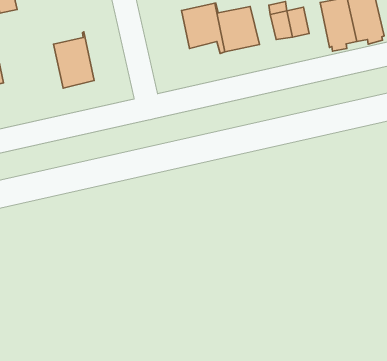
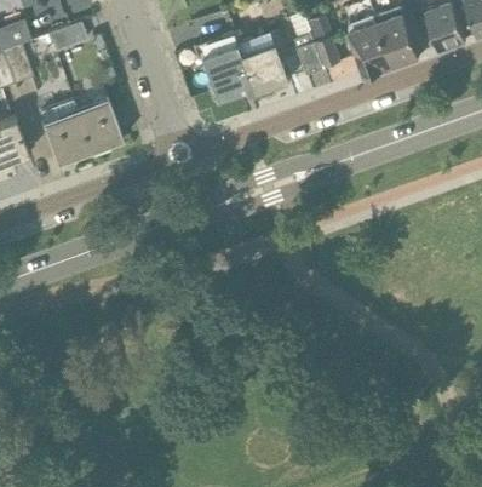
building: none -> [39,101,91,165]

